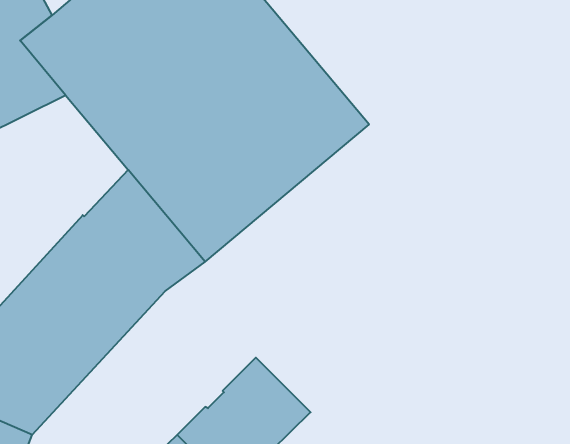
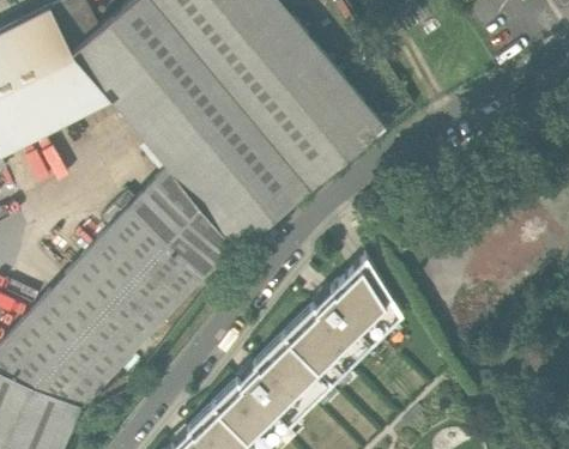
building: none -> [283,257,402,386]

